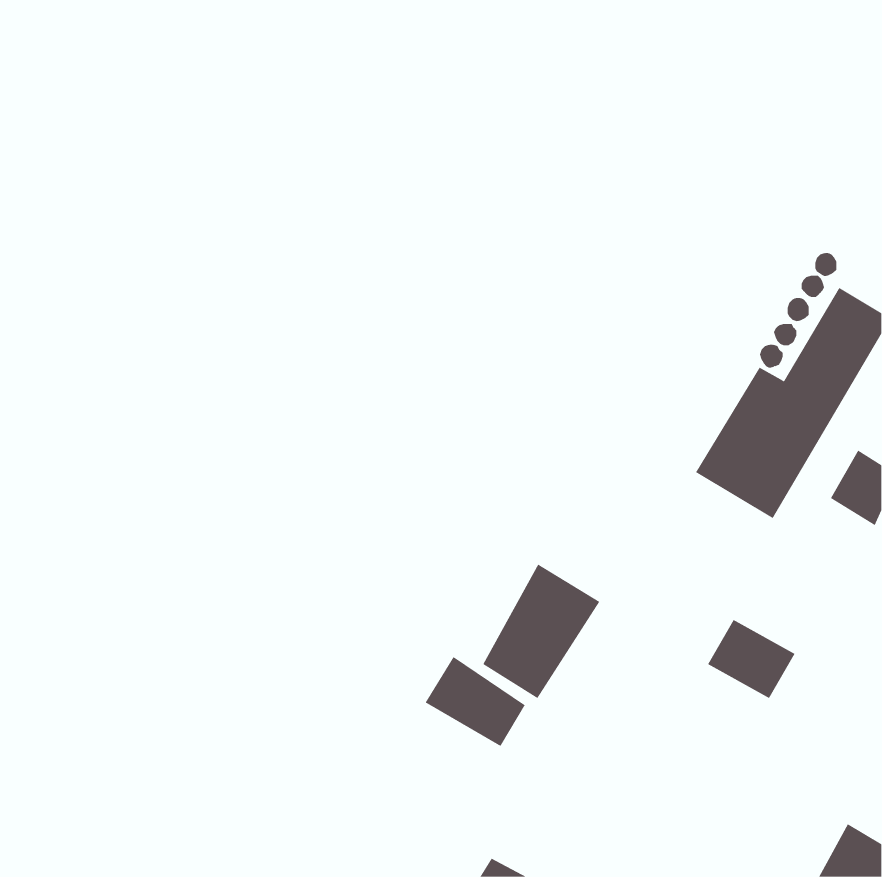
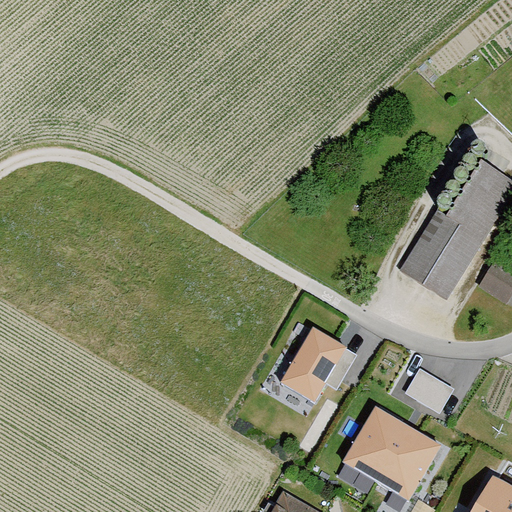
building: [425,656,525,747] -> none
building: none -> [341,406,442,503]

